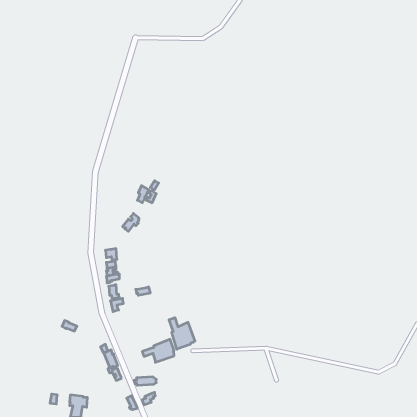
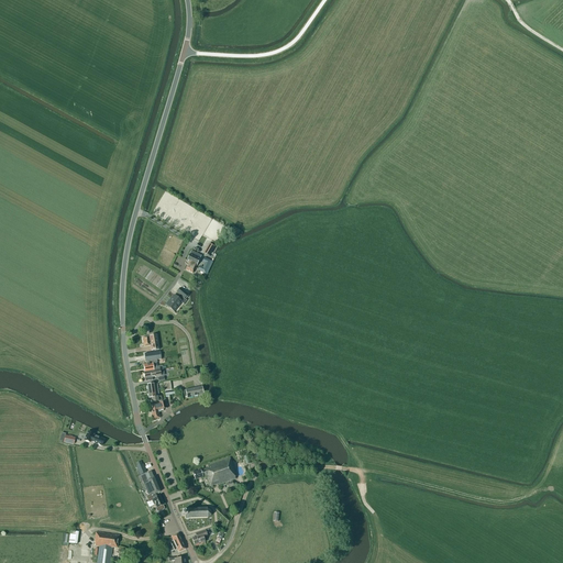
building: [169,318,195,349] -> none

